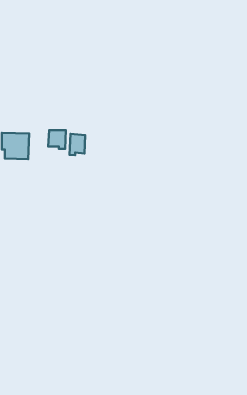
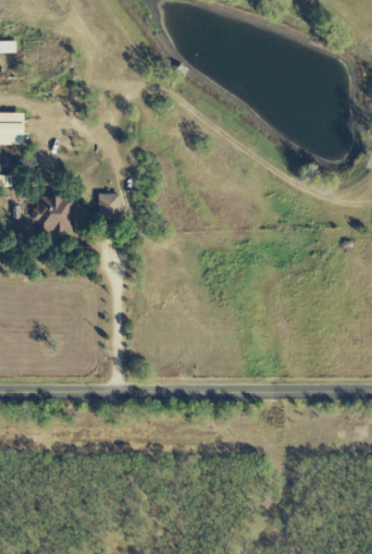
building: [69,134,85,155] -> none

